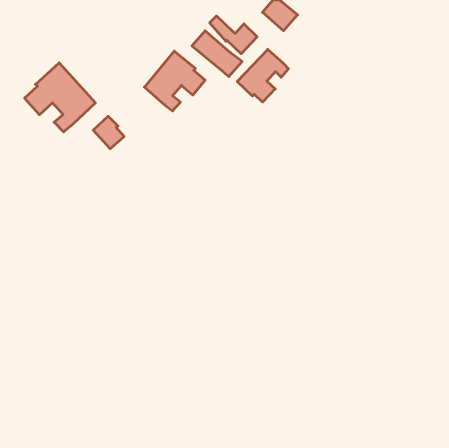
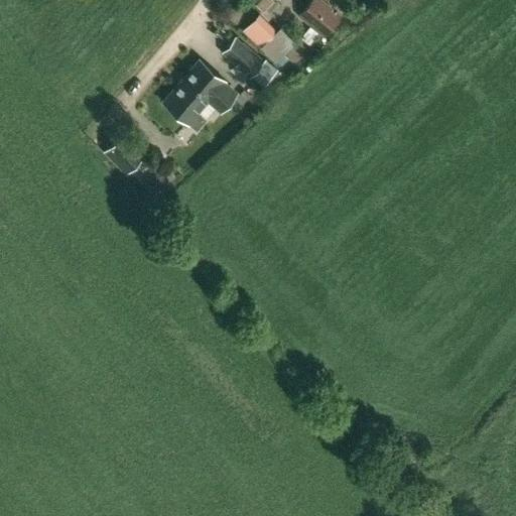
building: [237,49,288,102] -> none
building: [25,63,95,132] -> none

